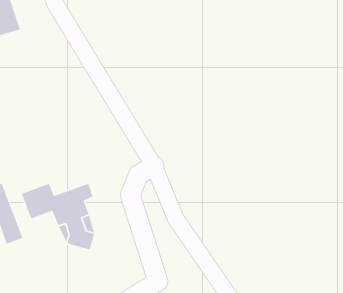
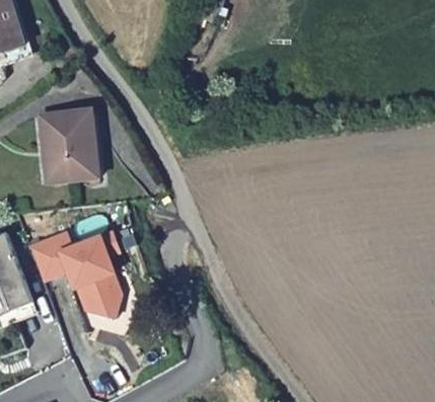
building: none -> [38,106,101,183]

